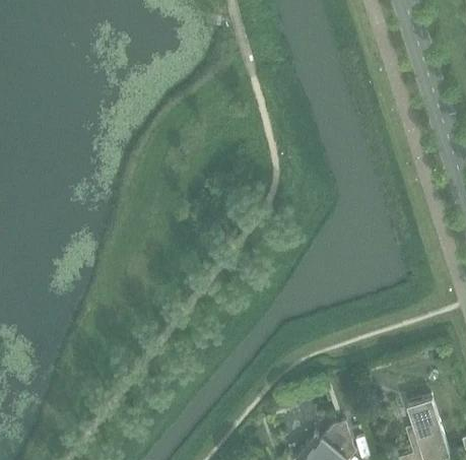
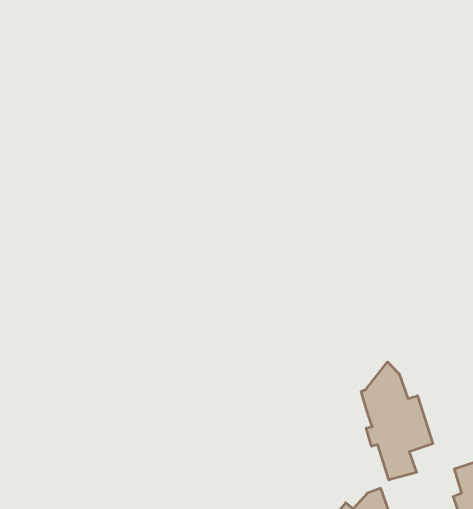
building: none -> [361,362,433,480]

